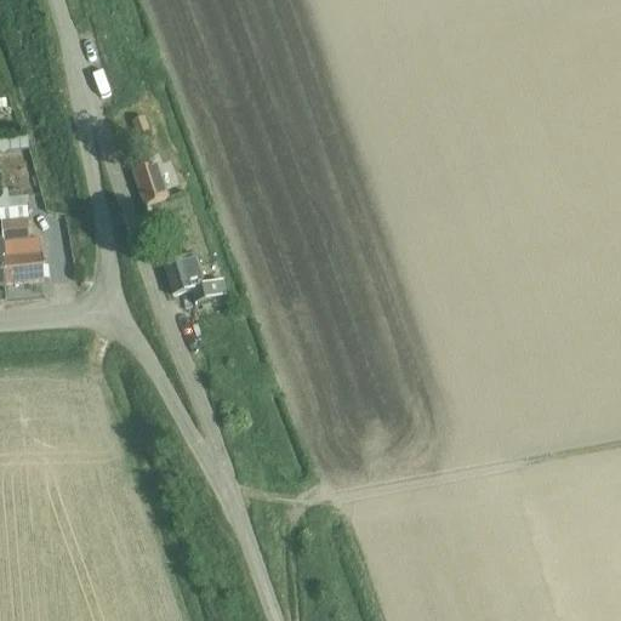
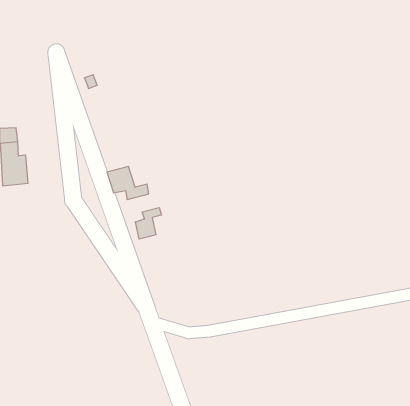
building: [132,160,166,201] -> none
building: none -> [135,208,162,239]

